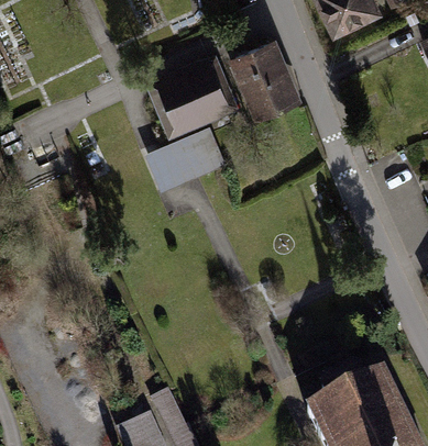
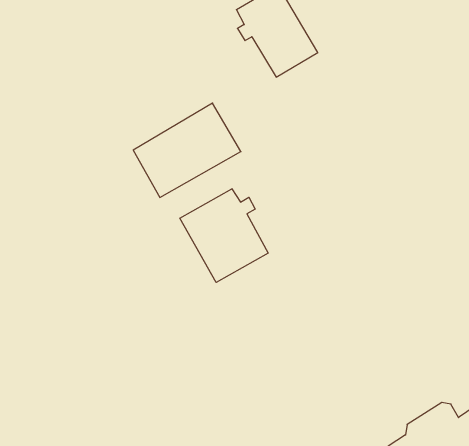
building: [164,67,223,118] -> none
building: none -> [180,189,268,282]

